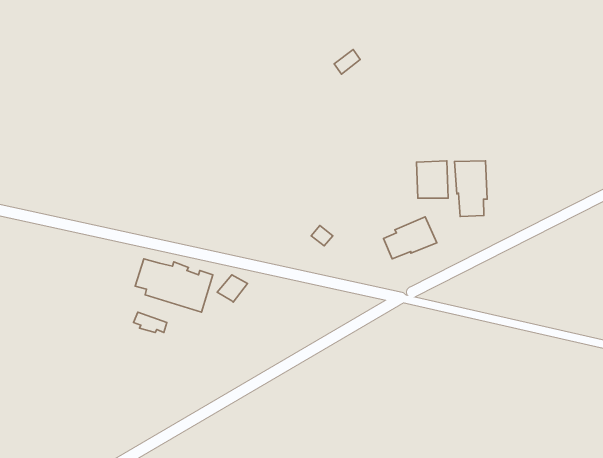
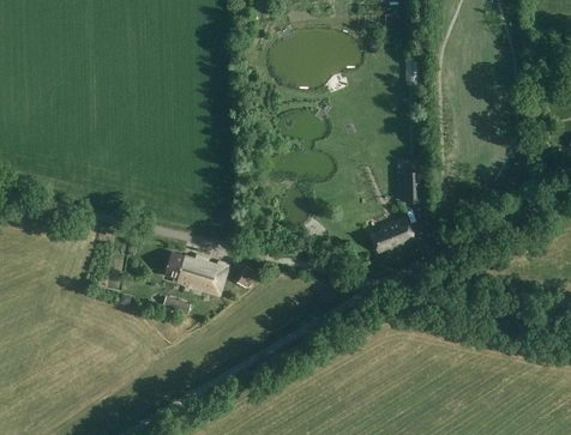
building: [455,161,487,216] -> none

